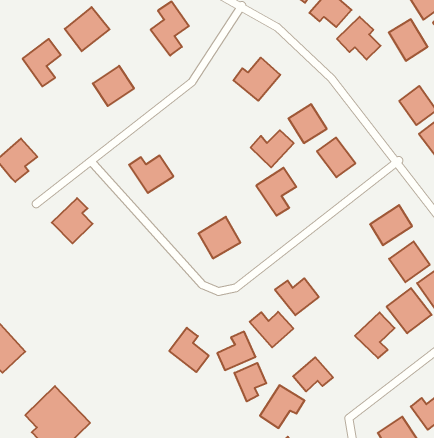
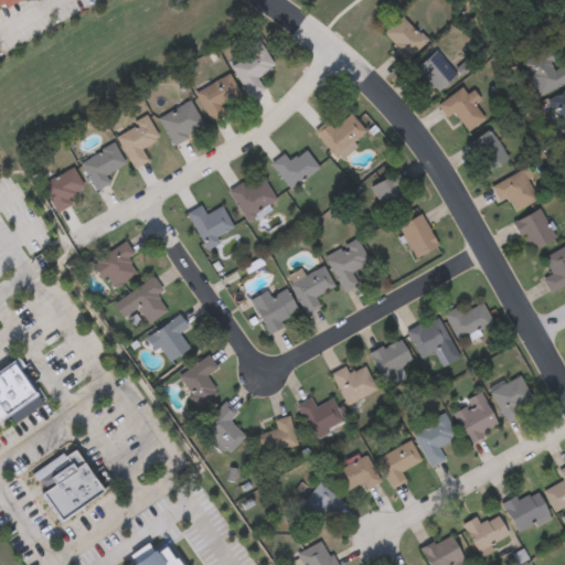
building: [65,7,110,51] -> [198,73,247,120]
building: [389,19,428,61] -> [471,129,512,174]
building: [23,39,61,86] -> [118,117,161,169]
building: none -> [82,142,127,190]
building: none -> [231,177,279,221]
building: [251,130,294,167] -> [273,150,321,190]
building: none -> [291,266,337,313]
building: none -> [116,275,172,320]
building: [389,241,430,282] -> [408,316,452,360]
building: none -> [371,338,413,387]
building: none -> [151,312,191,362]
building: none -> [180,355,218,406]
building: none -> [376,439,422,487]
building: [234,363,266,401] -> none

